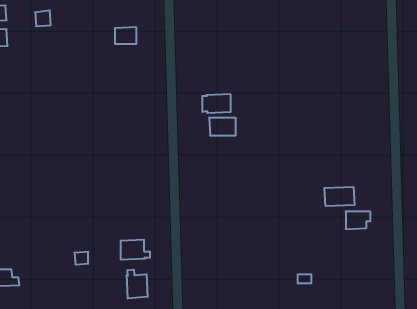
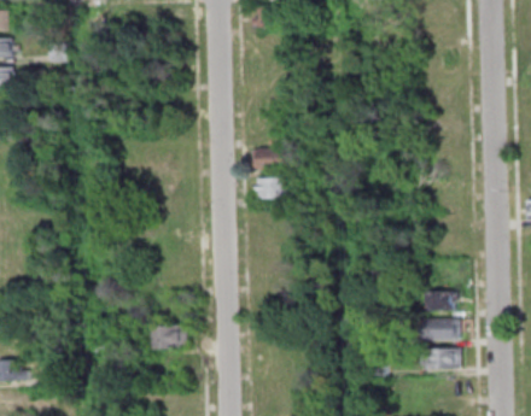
building: [324,187,355,206] -> [422,317,460,340]
building: none -> [424,348,461,369]
building: [127,270,147,299] -> none

